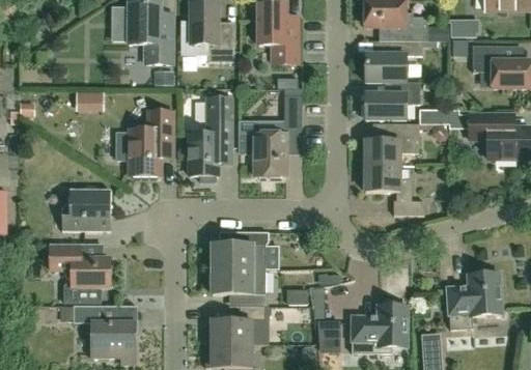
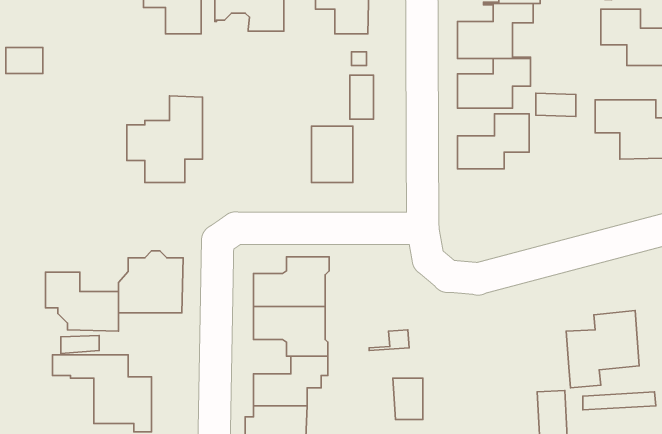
building: [76,90,104,110] -> [6,47,43,74]
building: [189,97,231,180] -> none
building: [364,164,423,214] -> none
building: [61,182,110,229] -> [119,251,183,313]
building: [351,304,407,351] -> none

